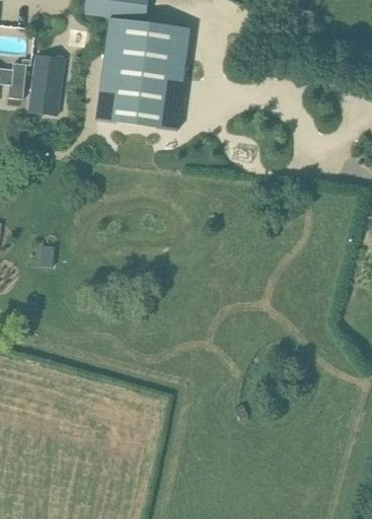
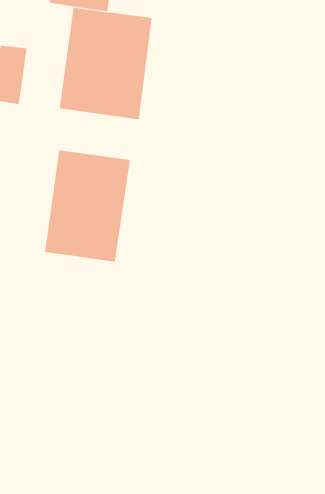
building: none -> [44,149,130,262]

